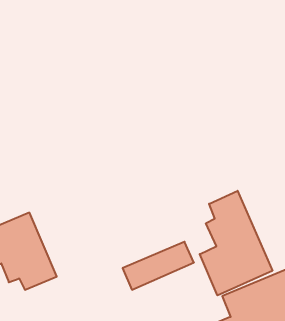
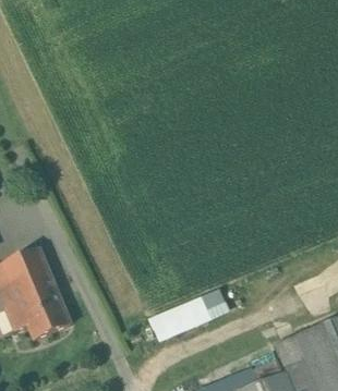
building: [200,191,272,295] -> none

